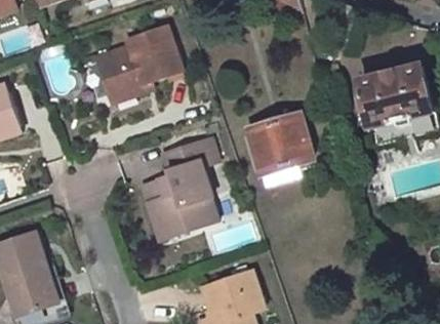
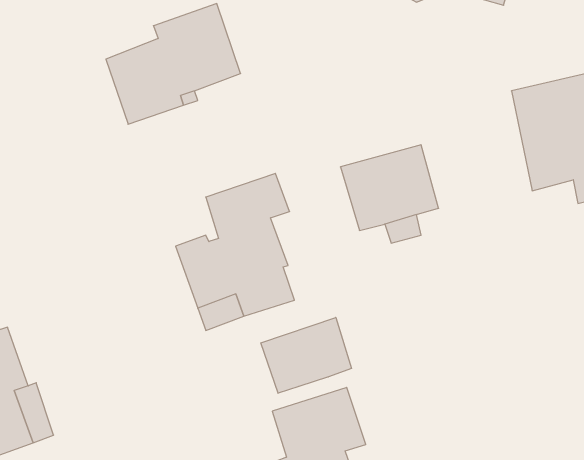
building: none -> [261,317,352,393]

